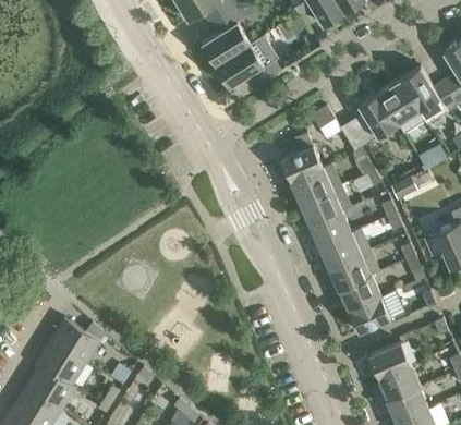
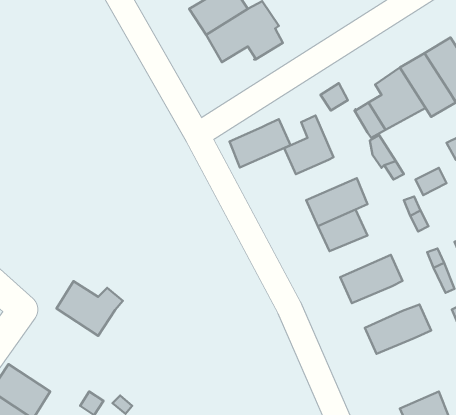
building: [291,165,342,205] -> [229,119,291,167]
building: [319,229,371,269] -> none
building: [338,277,380,312] -> none
building: [50,319,106,365] -> [57,281,123,336]
building: [368,343,411,379] -> none

